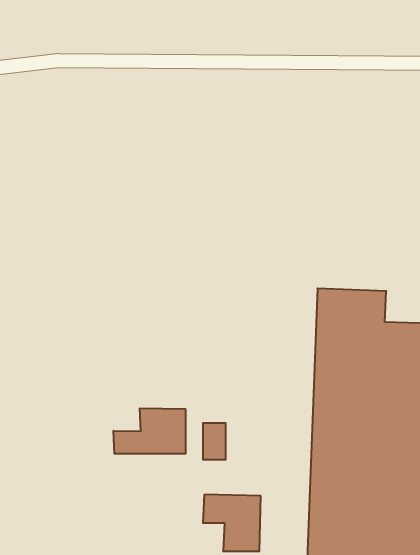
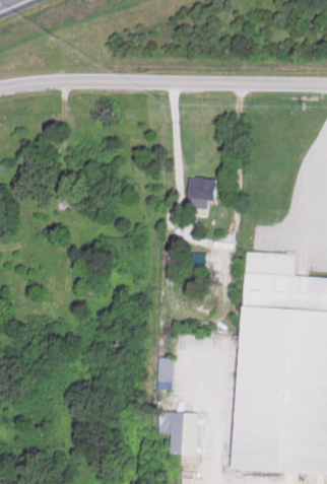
building: none -> [187,178,215,210]
building: [114,408,186,454] -> none

